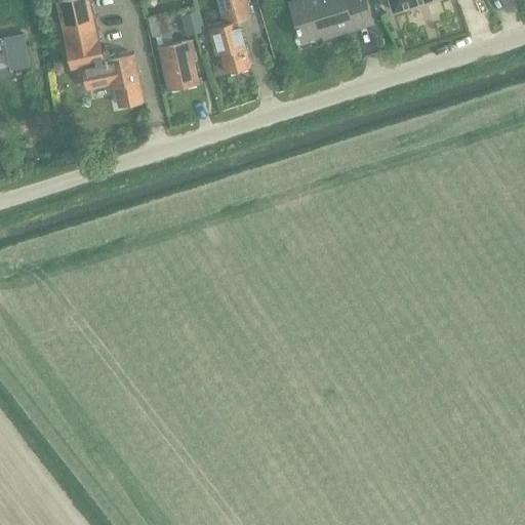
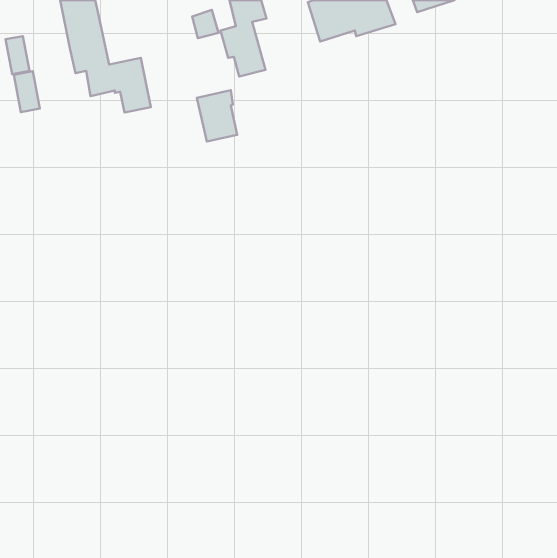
building: [159,40,197,88] -> [197,90,237,141]
building: none -> [14,71,40,112]

